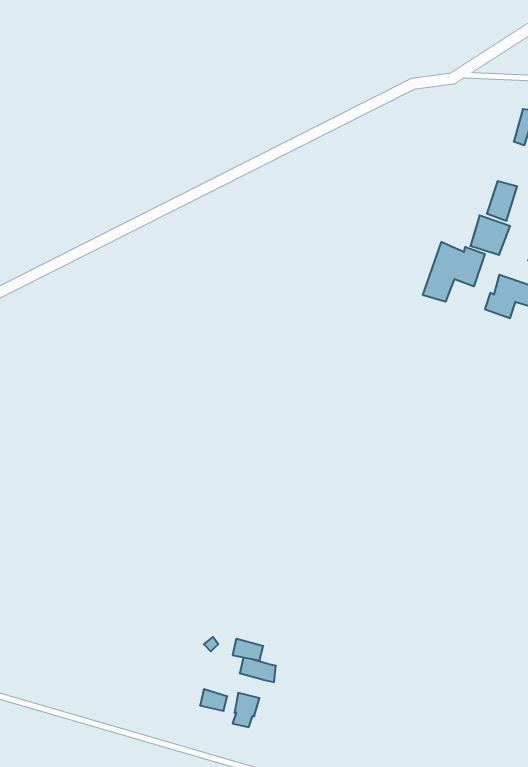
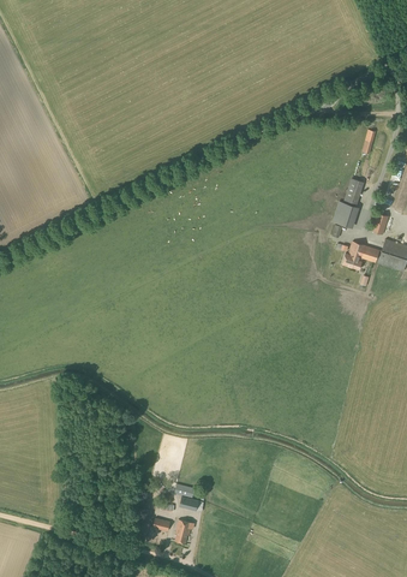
building: [423,242,485,302] -> none

